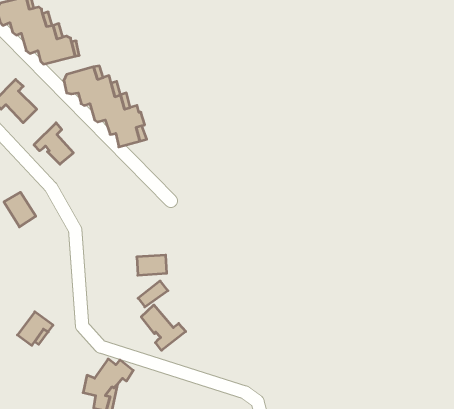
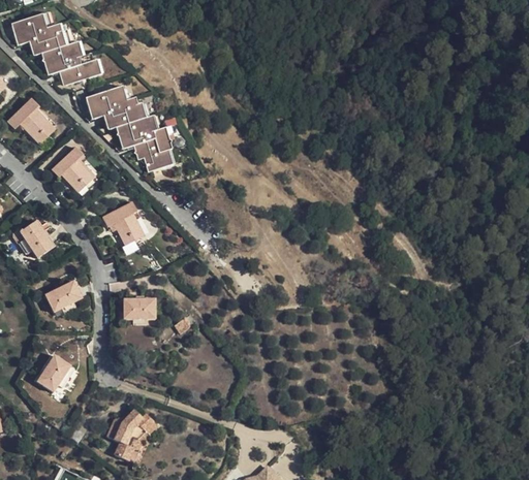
building: none -> [104,202,146,246]
building: none -> [44,279,82,311]
building: [137,255,167,275] -> [123,296,155,318]
building: [141,305,186,350] -> none

